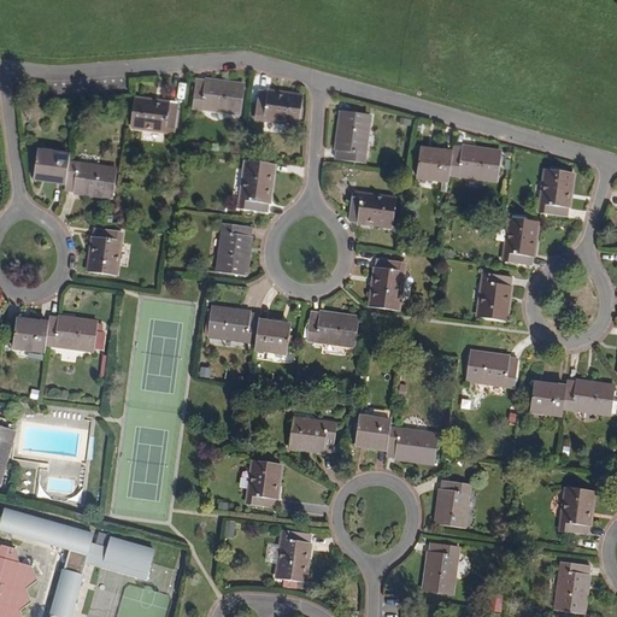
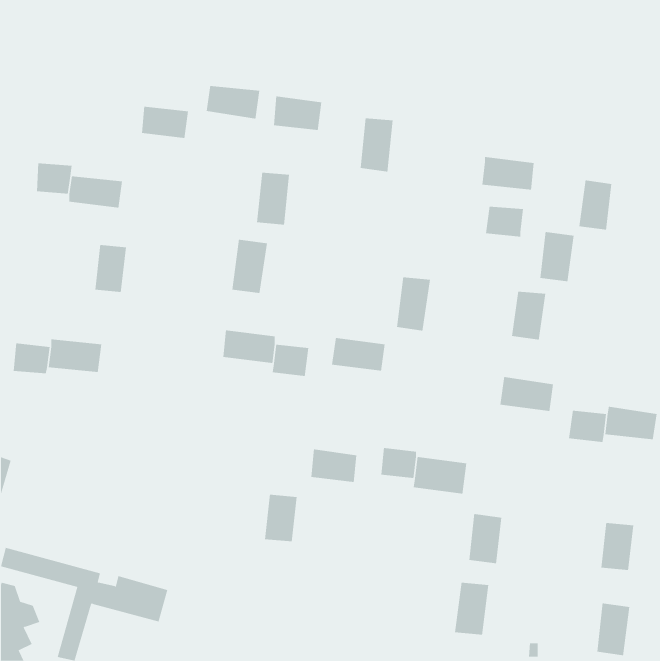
building: [416,148,452,177] -> [485,206,524,237]
building: [348,194,394,224] -> none
building: [276,529,308,580] -> none

